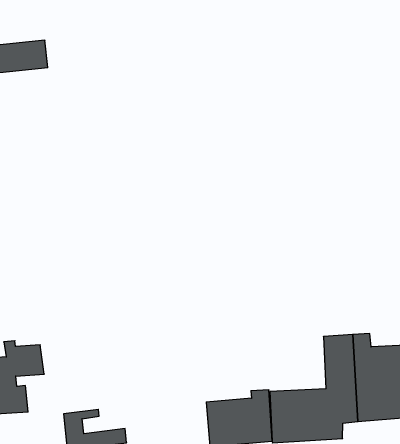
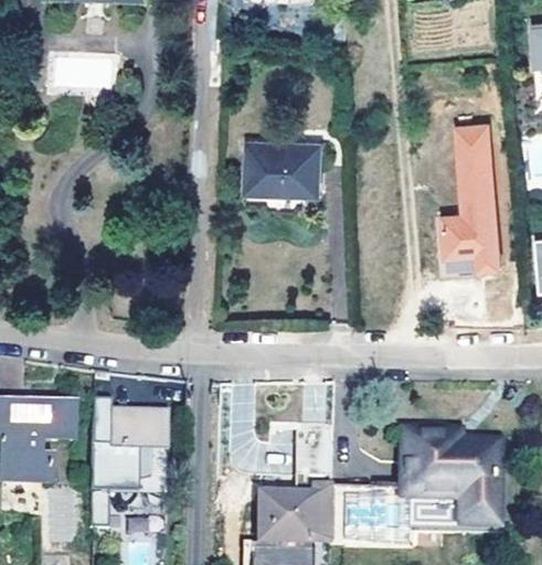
building: none -> [435,121,500,275]
building: none -> [246,140,320,191]
building: none -> [107,409,167,476]

